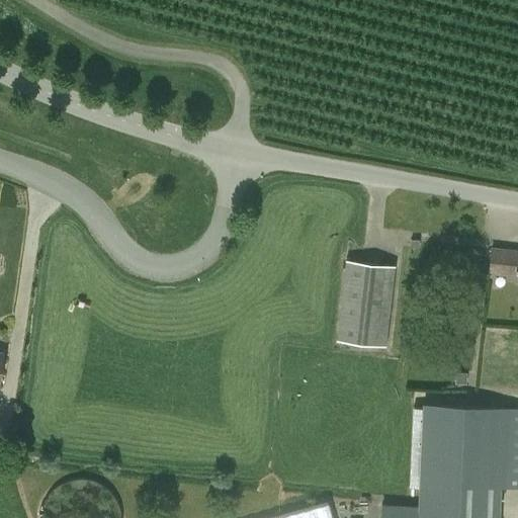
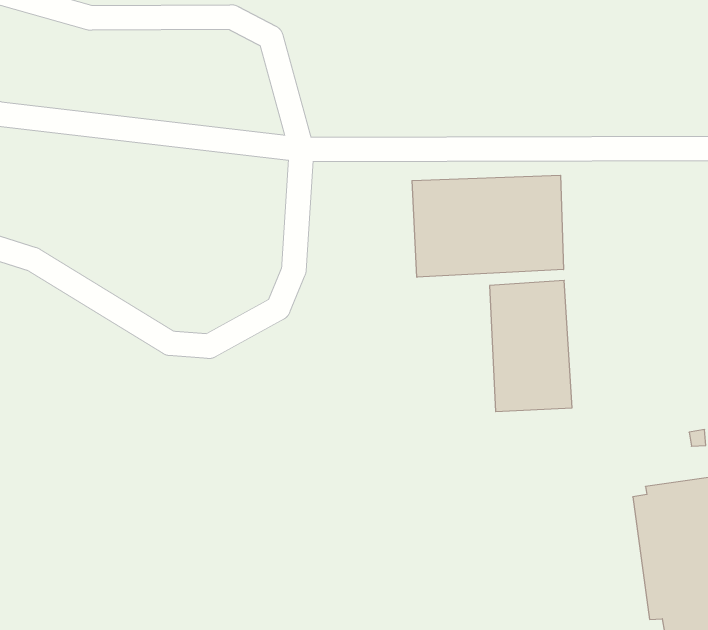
building: none -> [412,175,563,277]

